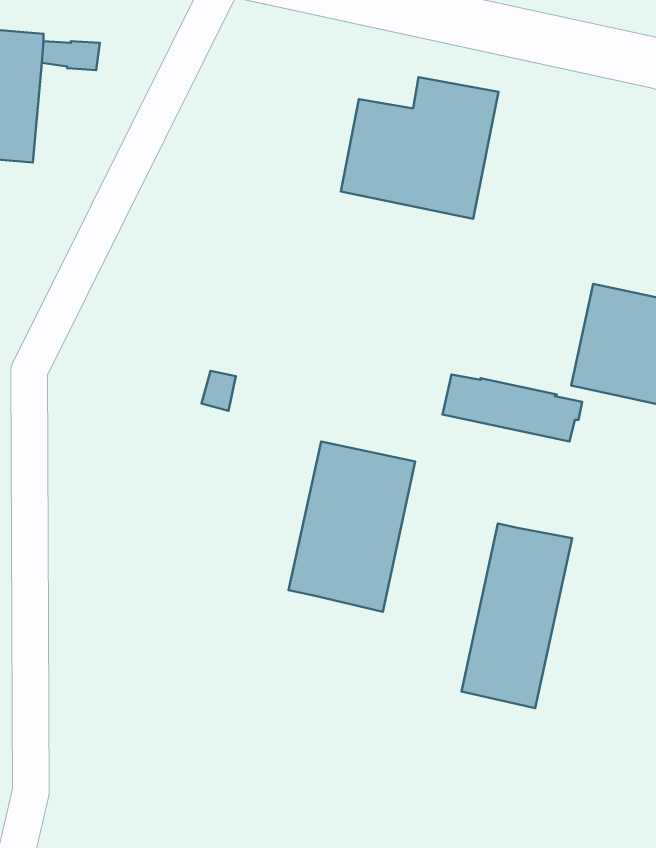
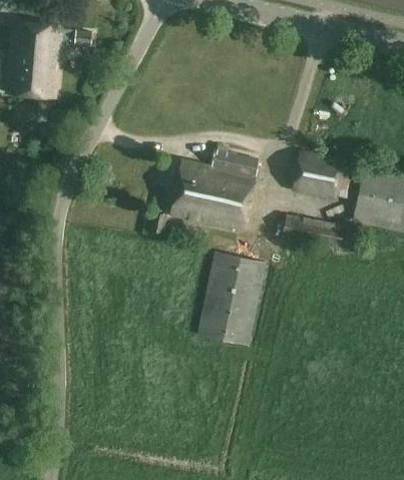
building: [341,77,498,219] -> [171,151,259,229]
building: none -> [291,150,345,202]
building: [462,523,572,708] -> none

